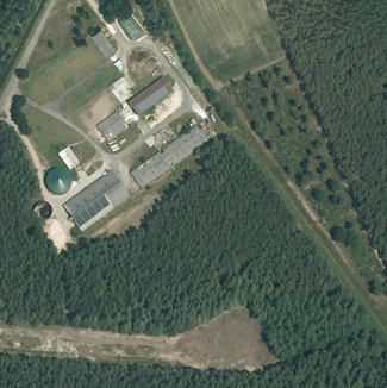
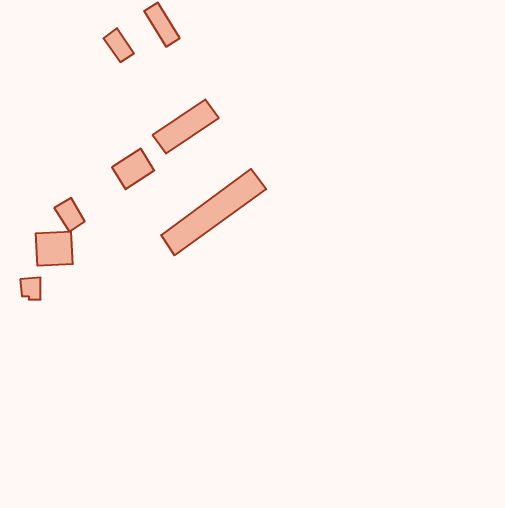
building: [63,173,126,227] -> none

